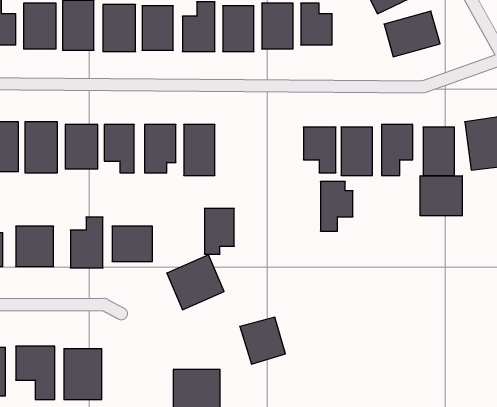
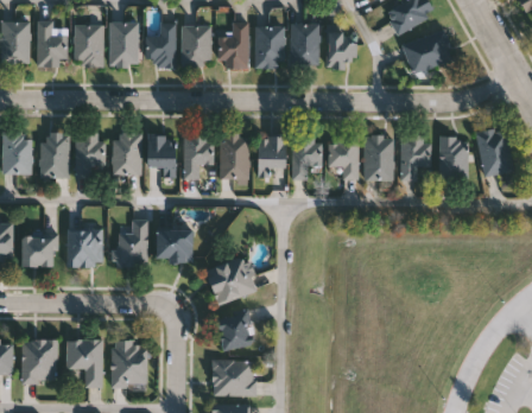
building: [420,176,462,216] -> none
building: [320,182,353,231] -> [292,135,322,180]
building: [204,208,234,254] -> [258,135,285,177]
building: [240,317,285,364] -> [213,309,254,351]

